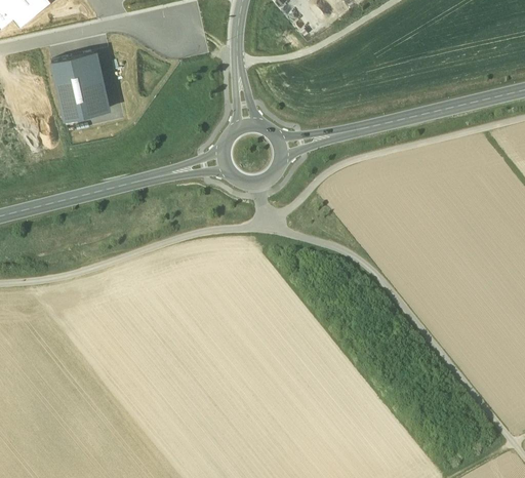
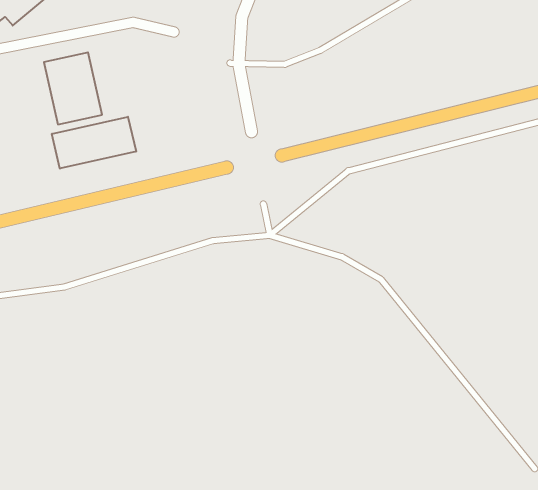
building: none -> [52,117,136,169]

